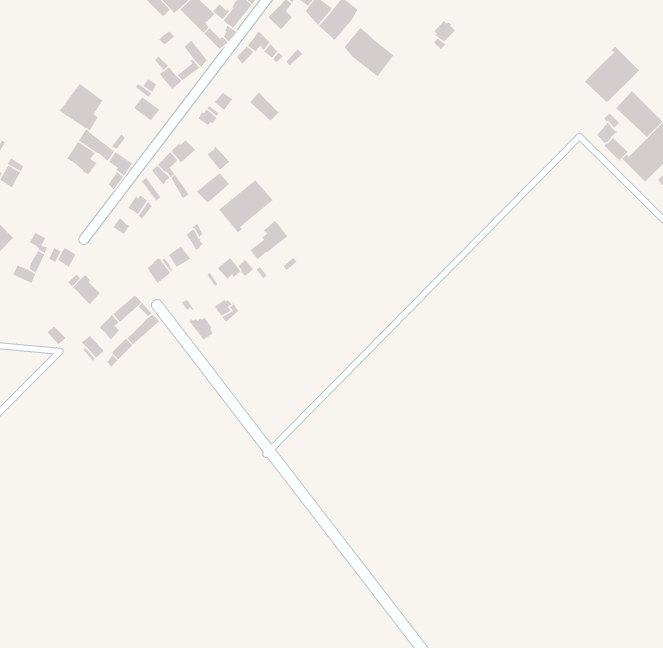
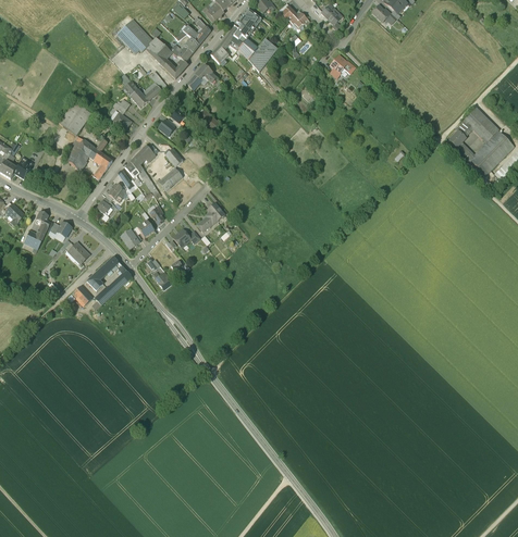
building: [344,27,394,78] -> none
building: [584,46,640,103] -> none
building: [218,179,274,233] -> none

